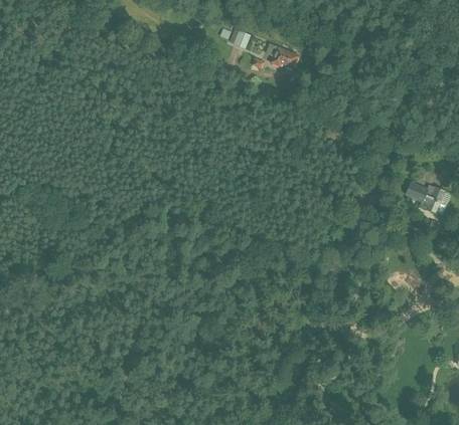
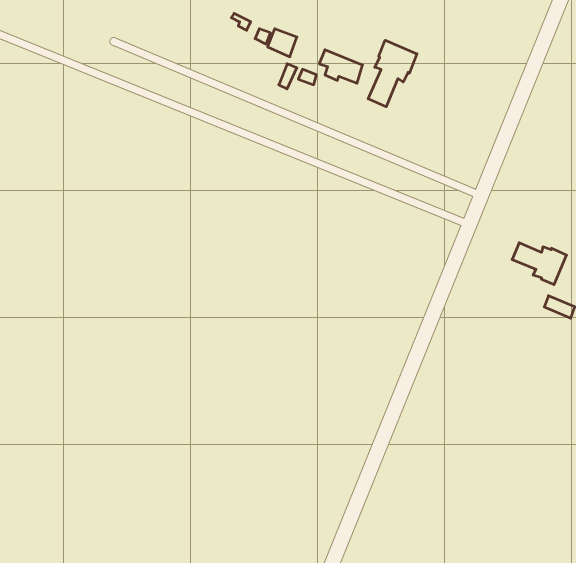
building: none -> [368,40,417,107]

